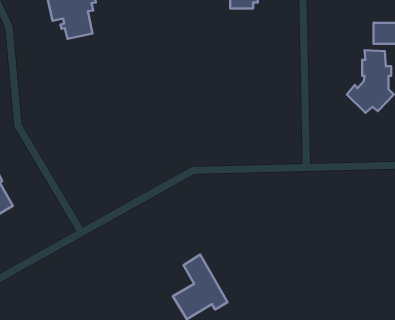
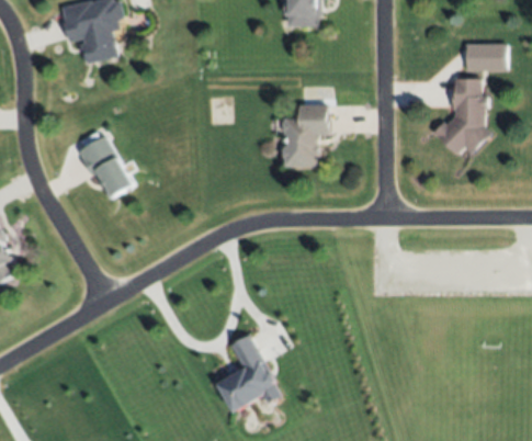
building: none -> [283,105,330,167]
building: none -> [77,136,133,197]

